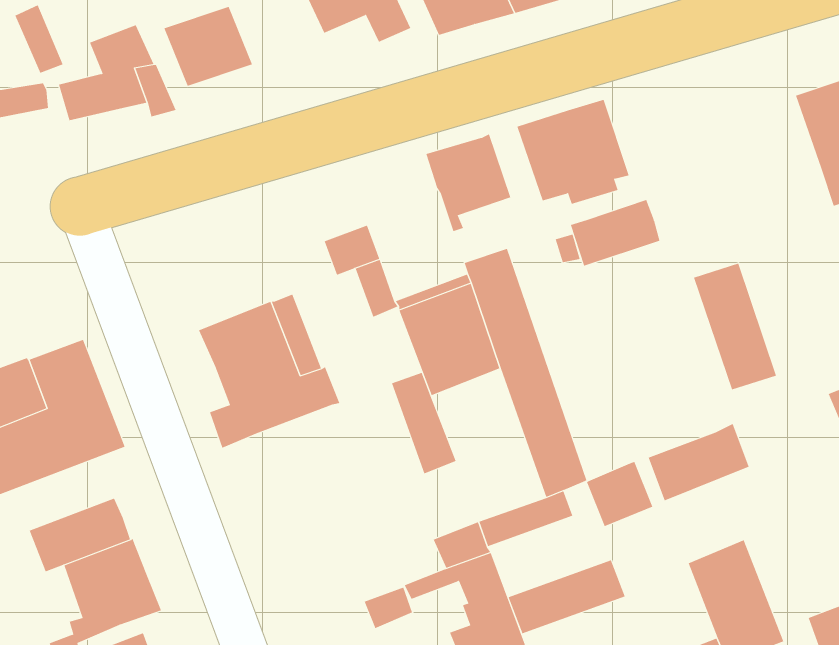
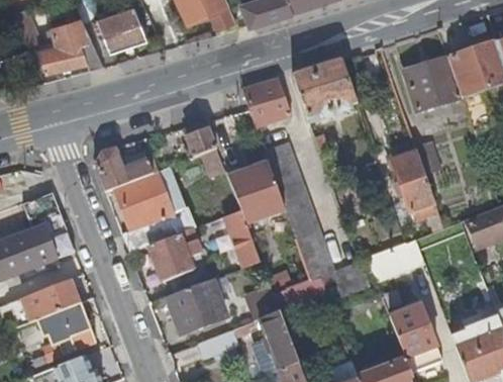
building: none -> [404,58,462,111]
building: [570,199,660,266] -> none
building: none -> [96,148,159,192]
building: none -> [148,229,200,282]
building: none -> [167,281,224,335]
building: [508,559,625,634] -> none

